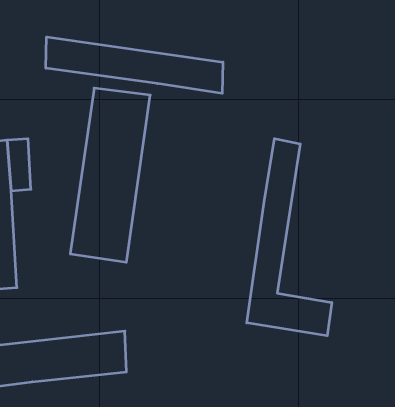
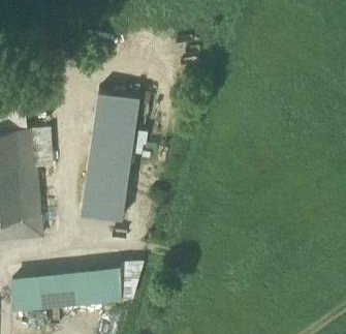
building: [46,37,223,93] -> none
building: [247,139,332,336] -> none

